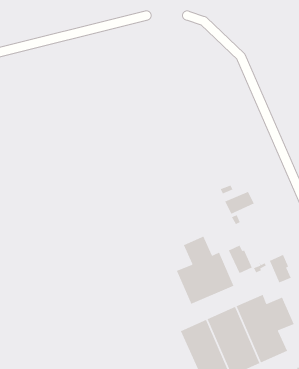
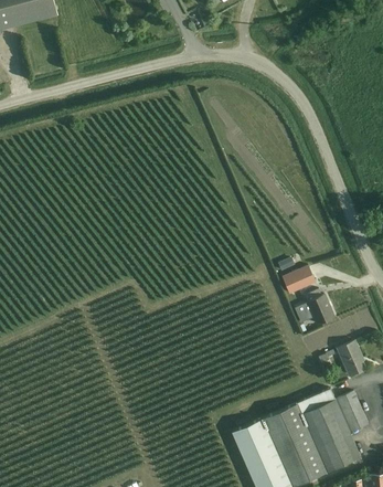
building: [176,236,234,305] -> none
building: [228,245,253,274] -> [304,289,333,325]

